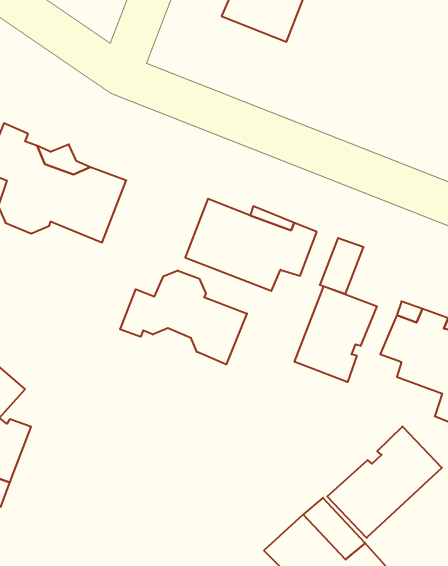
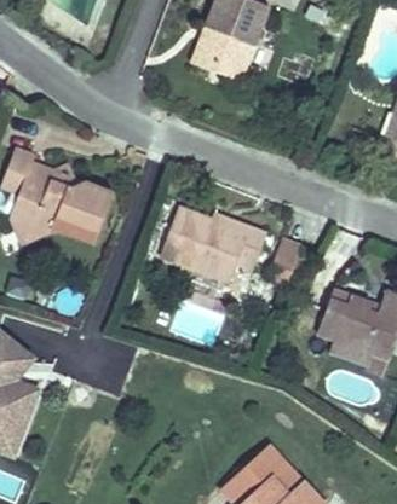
building: [120,270,247,364] -> none
building: [295,286,377,382] -> none
building: [327,426,442,538] -> none

